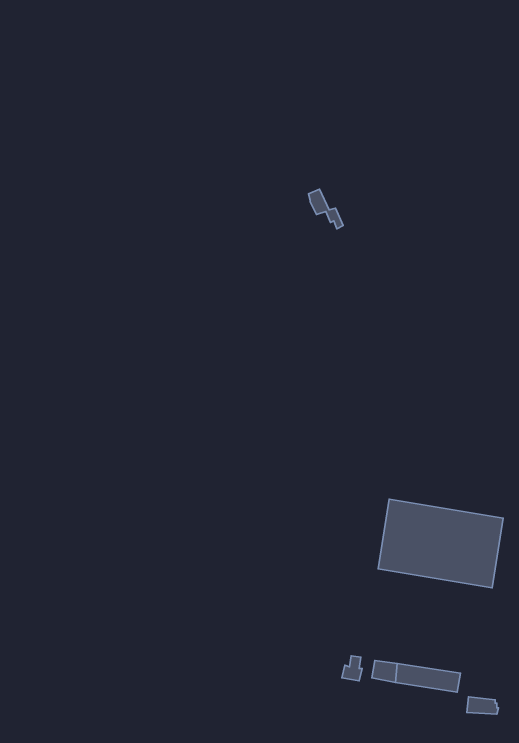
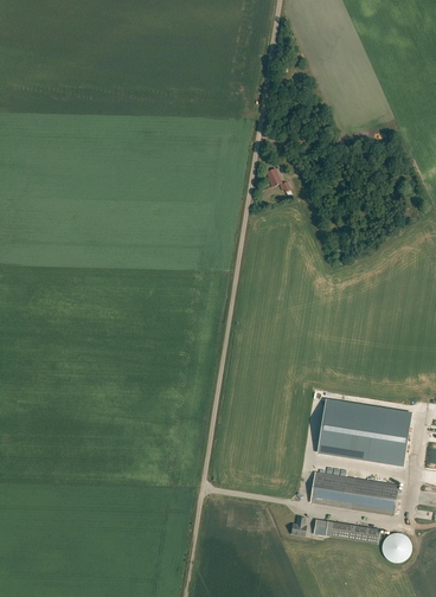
building: none -> [309,471,398,513]

